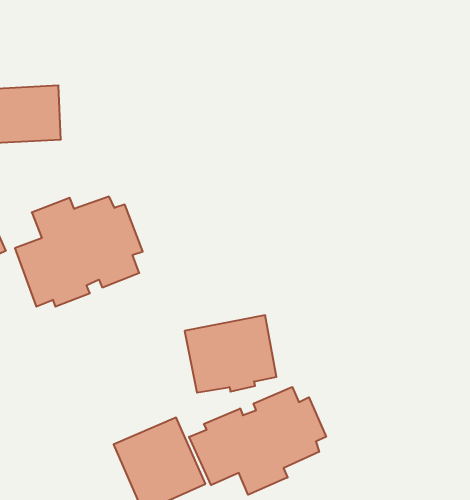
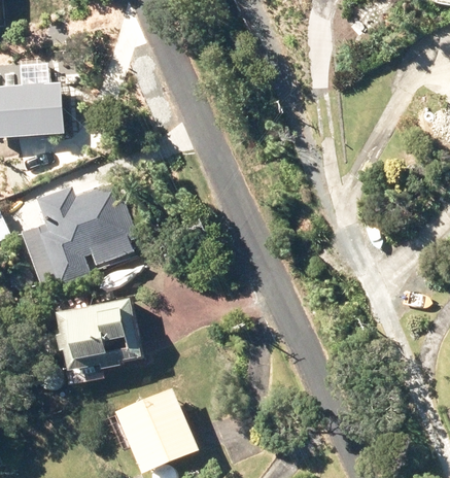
building: [185,315,276,393] -> [55,300,139,371]
building: [189,387,326,495] -> none

